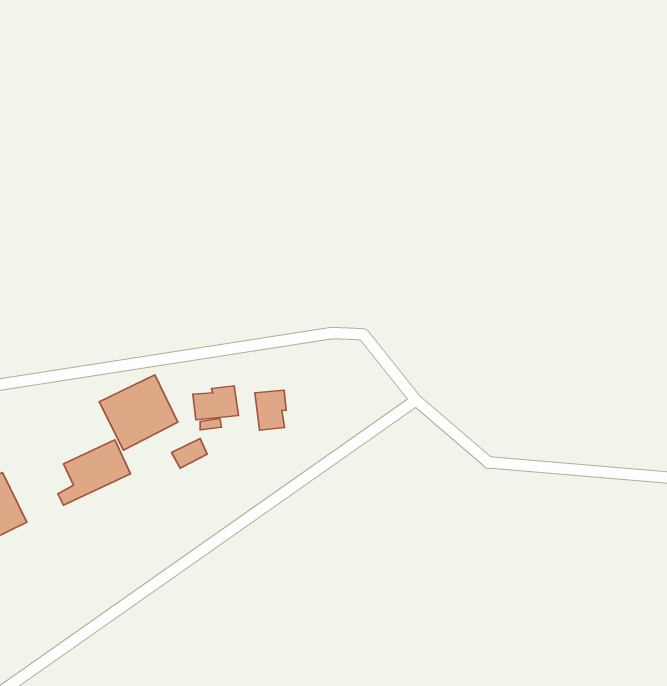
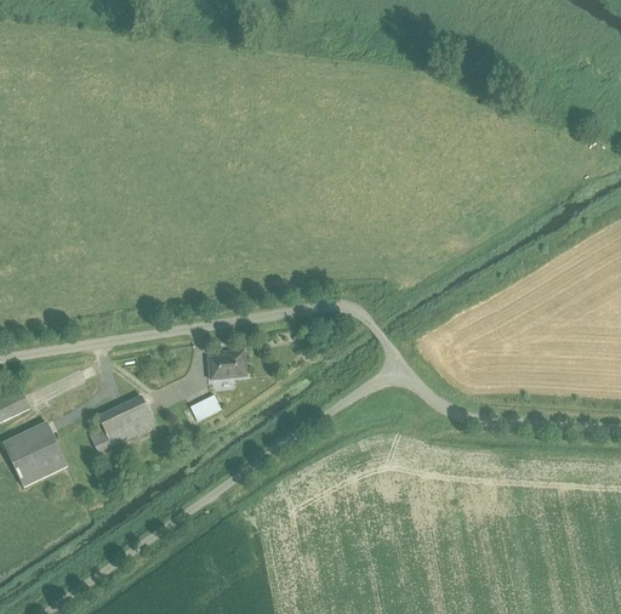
building: [99,375,178,450] -> none
building: [255,390,286,430] -> none

